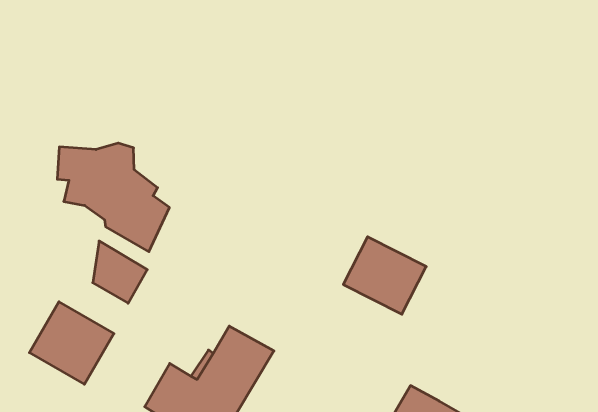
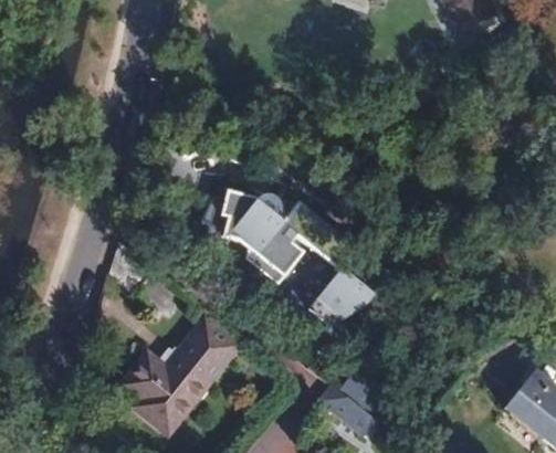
building: [57,143,169,252] -> [217,194,298,285]
building: [29,302,114,384] -> none

